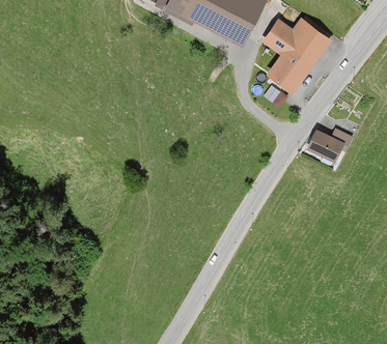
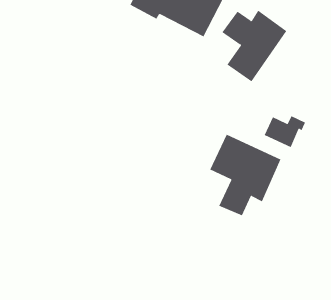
building: none -> [210,134,281,216]

